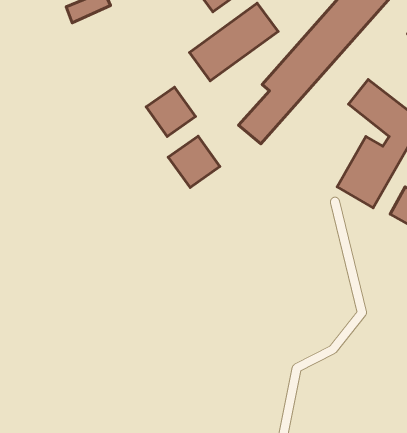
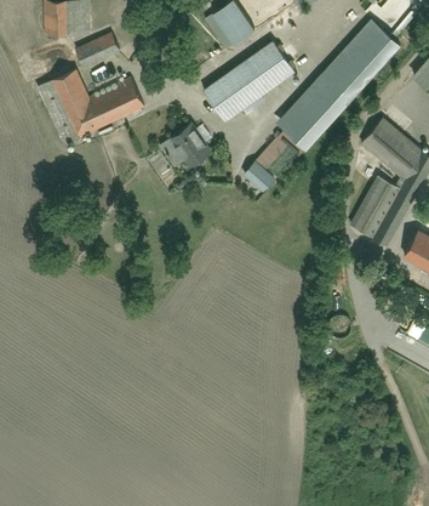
building: none -> [38,72,141,146]
building: [168,136,220,188] -> none

